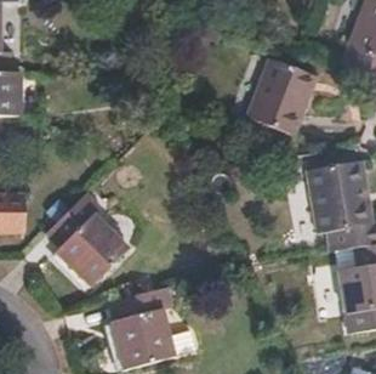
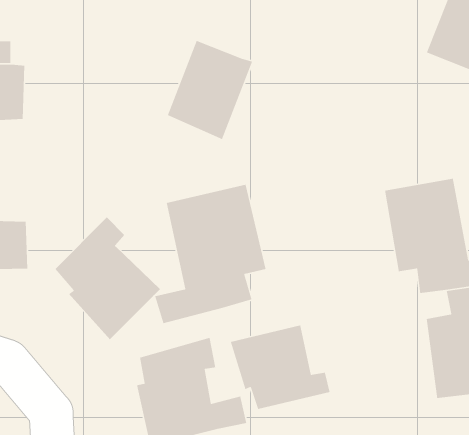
building: [246,57,314,136] -> [167,40,253,140]
building: none -> [154,184,267,324]
building: none -> [230,325,331,410]

